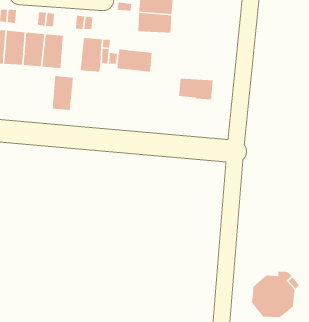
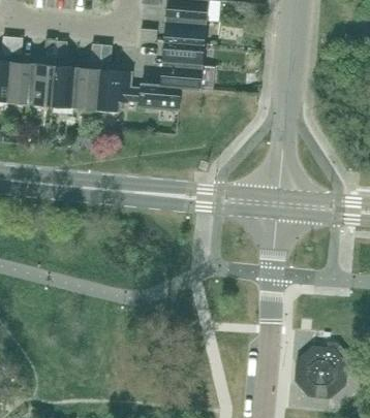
building: [52,75,74,111] -> [73,68,99,109]
building: [178,78,214,100] -> [160,64,202,90]

